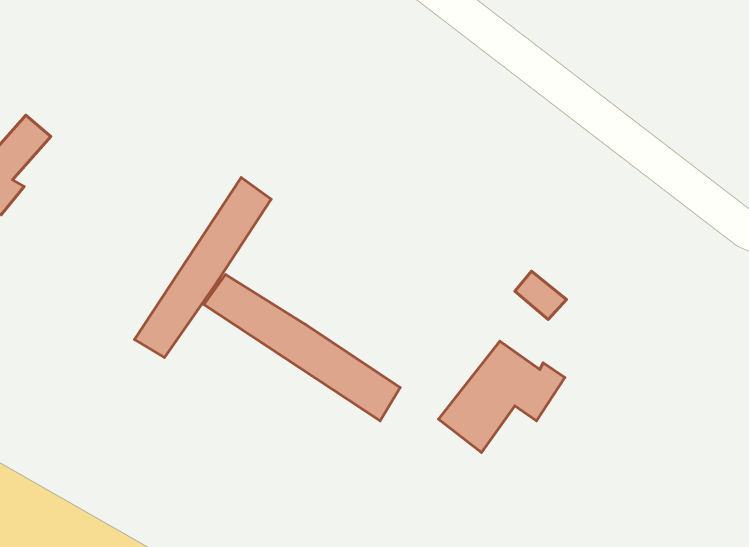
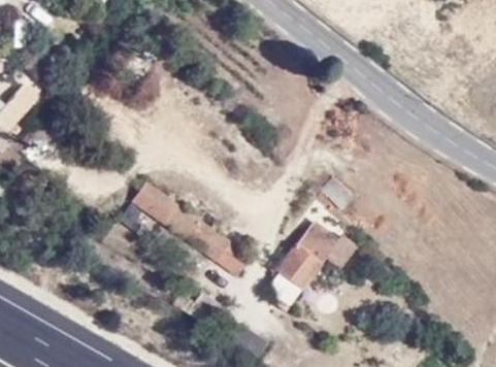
building: [134,178,271,357] -> none

